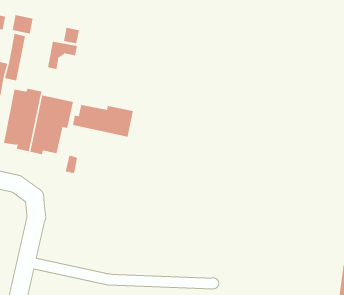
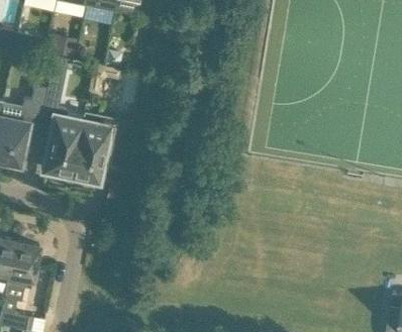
building: [72,104,134,138] -> none

